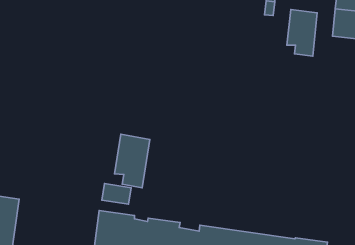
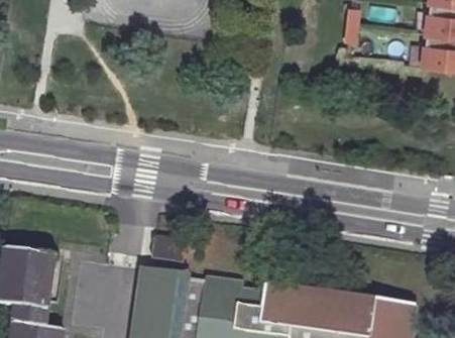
building: [287,9,317,56] -> none
building: [114,134,150,188] -> none

